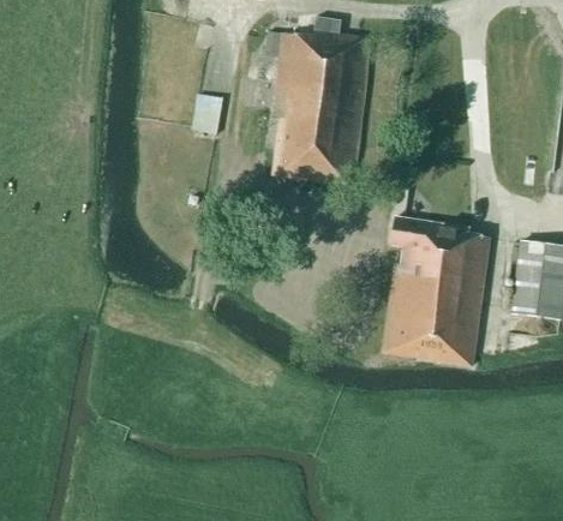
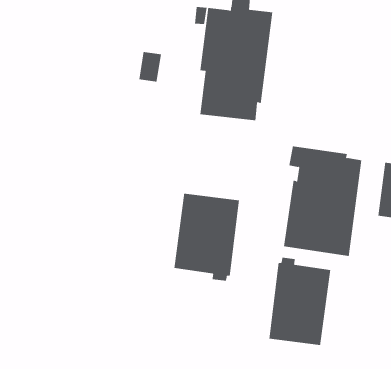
building: none -> [174,193,240,282]
building: none -> [269,257,331,346]

